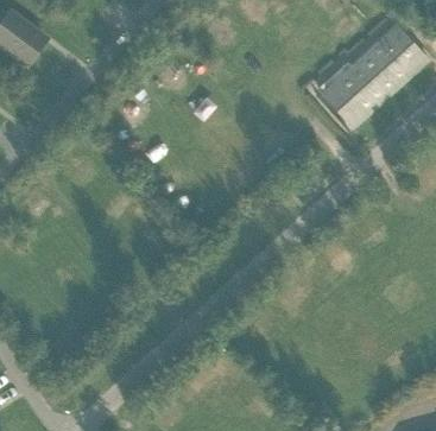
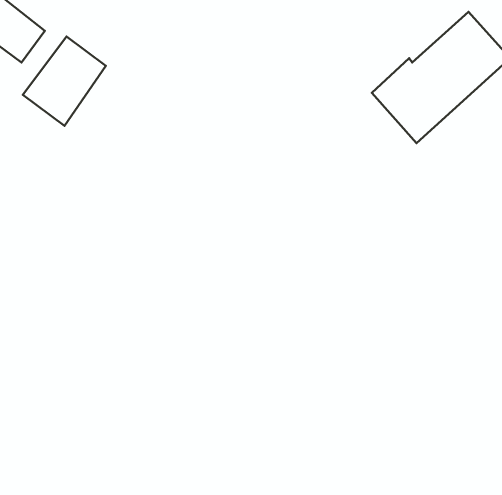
building: none -> [23,36,106,126]

